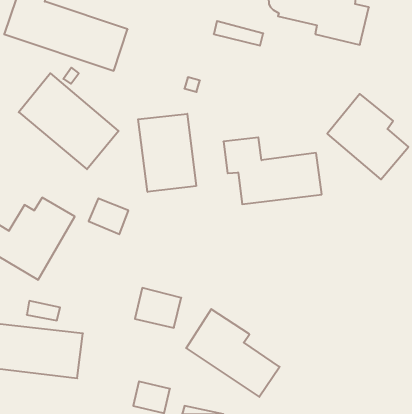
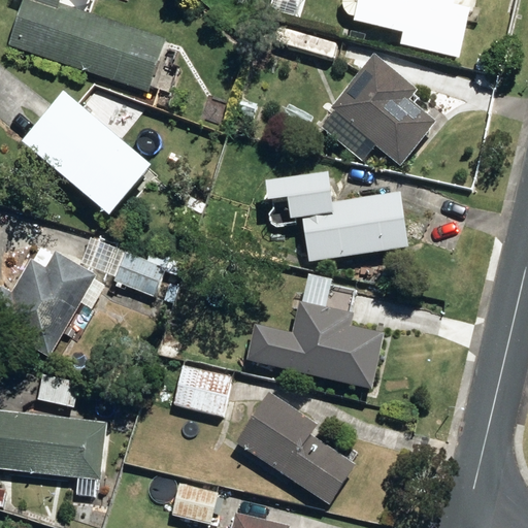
building: [327,94,408,179] -> [331,56,434,164]
building: [138,114,196,192] -> none
building: none -> [246,275,383,389]

